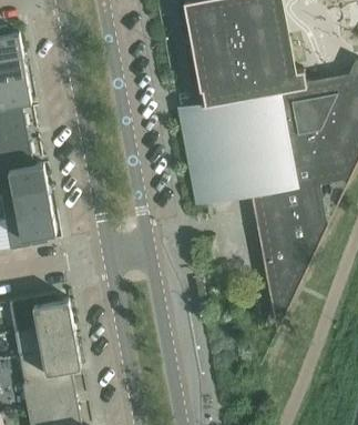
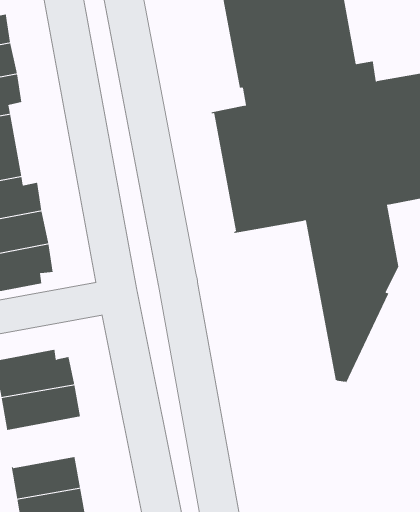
building: [19,345,81,385] -> none

